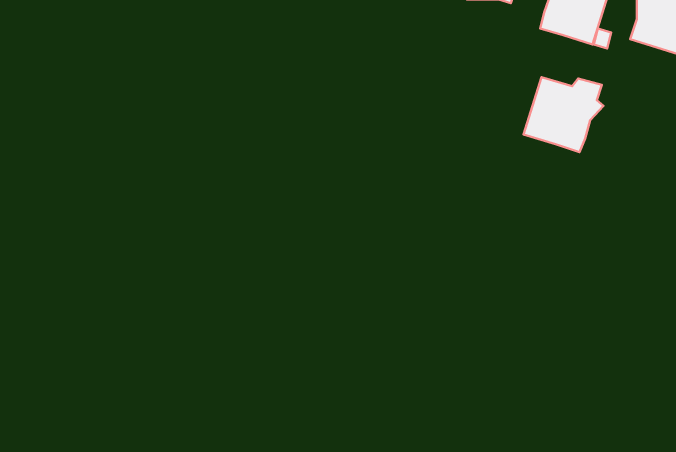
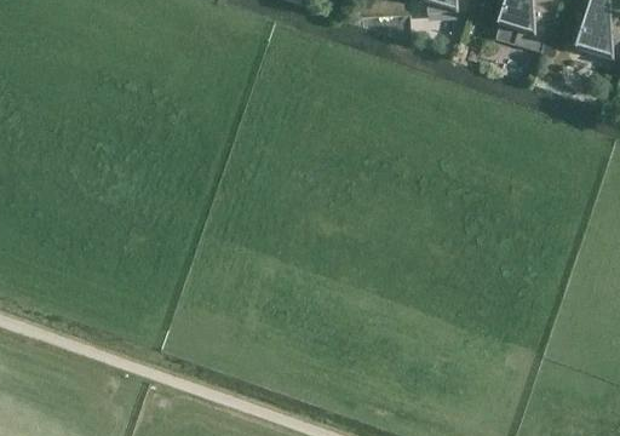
building: [524,77,603,152] -> none

